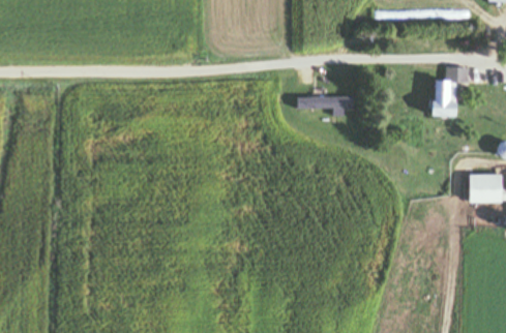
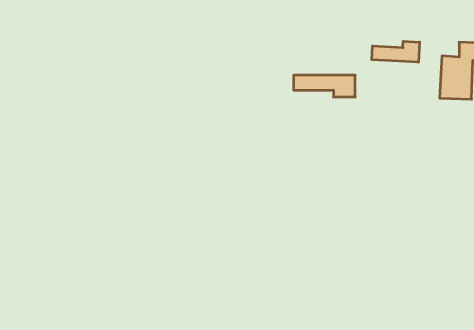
building: none -> [372,41,420,62]

